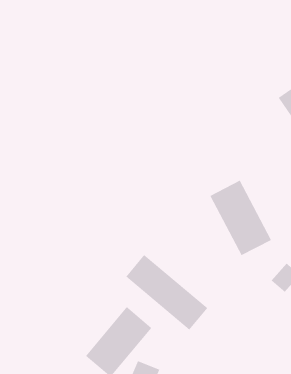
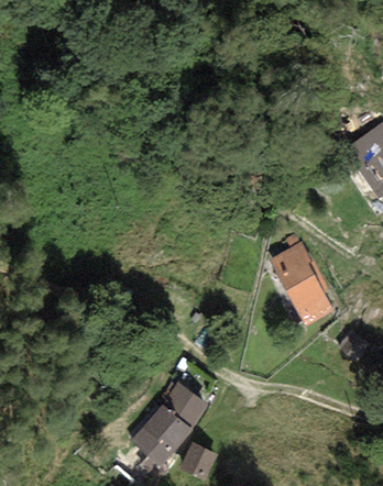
building: [125,254,208,331] -> none

